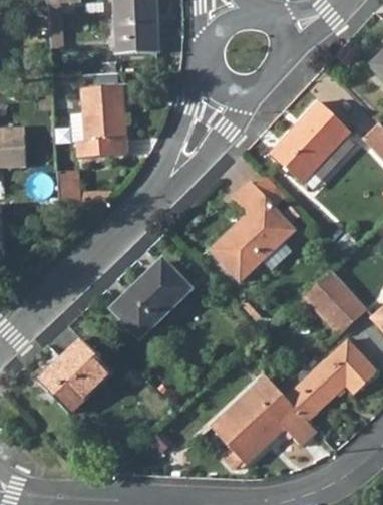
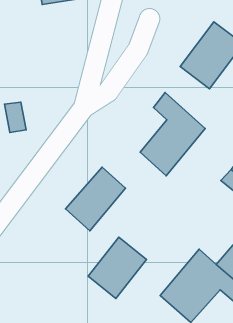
building: [71,87,122,159] -> none
building: [39,338,112,412] -> [88,237,147,298]

